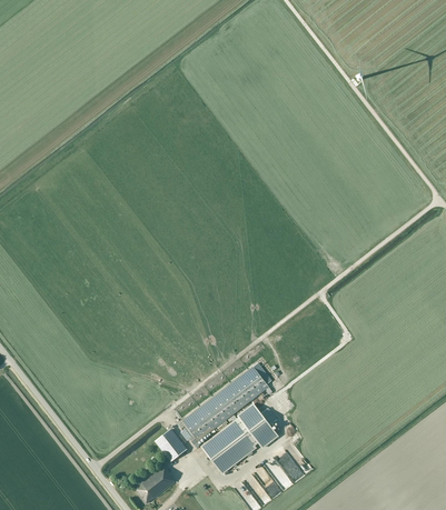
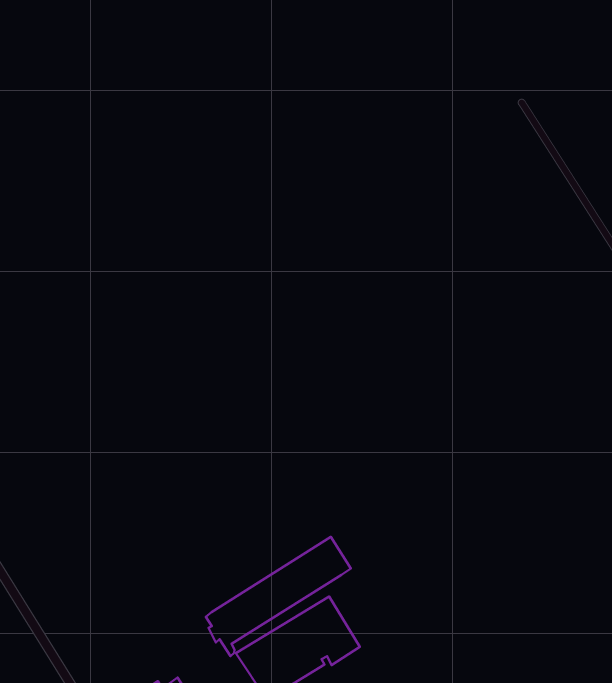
building: [156,428,187,460] -> none

